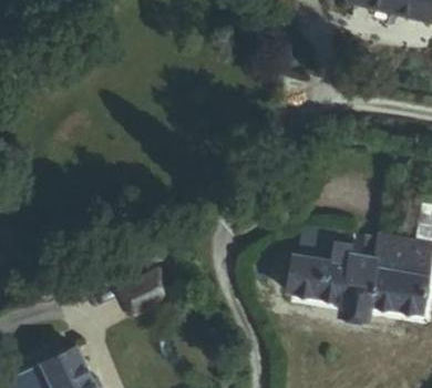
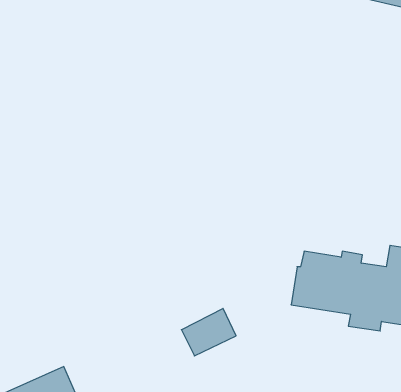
building: [119,268,169,313] -> [181,308,236,356]

